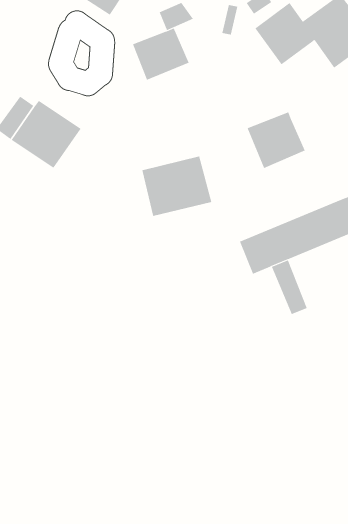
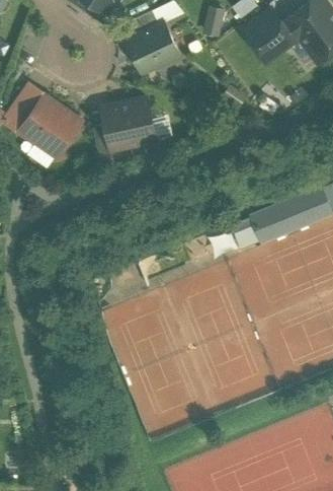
building: [247,112,306,169] -> none
building: [142,156,212,216] -> [93,98,158,154]
building: [271,260,307,315] -> none

